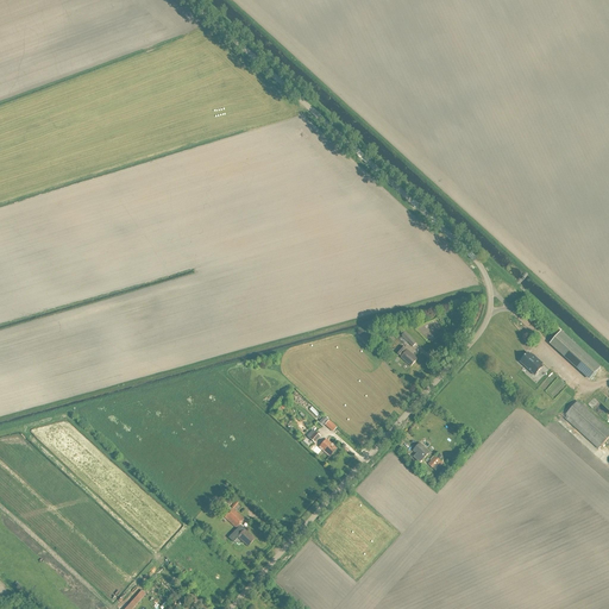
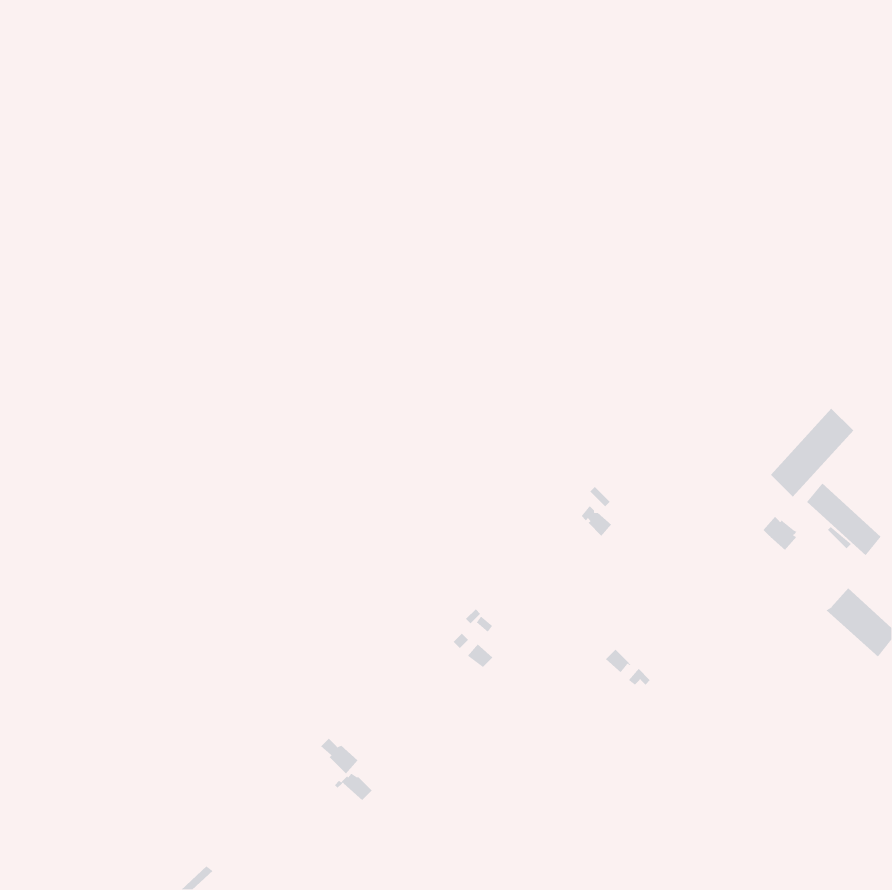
building: none -> [770,408,854,498]

